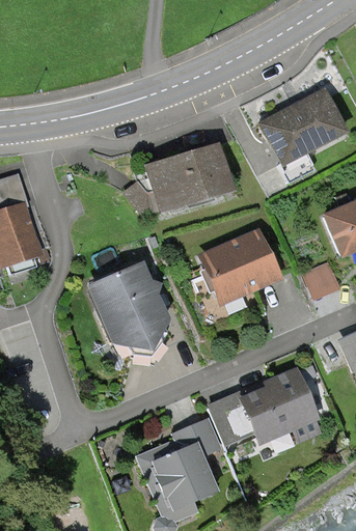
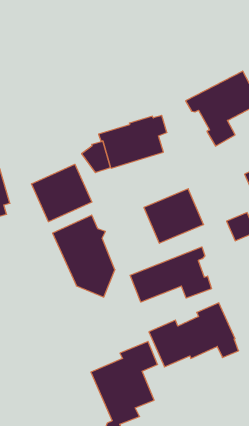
building: none -> [32,164,92,222]
building: none -> [130,247,211,302]

